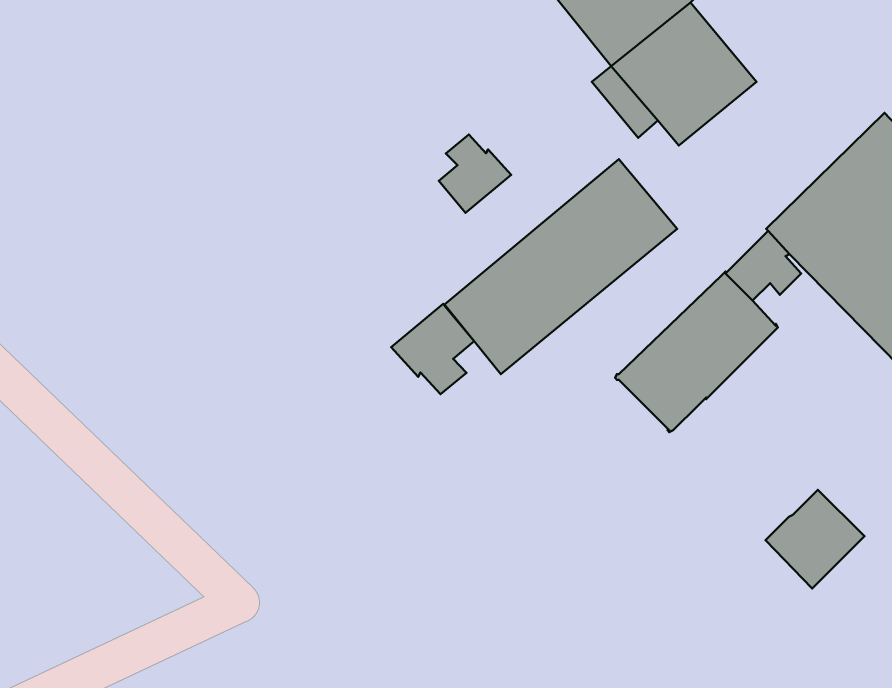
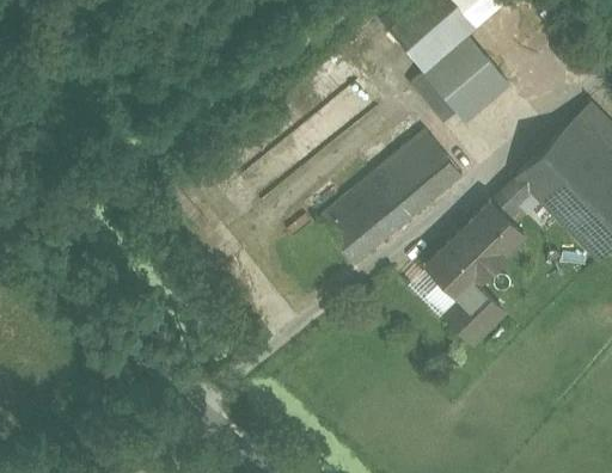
building: [439,135,511,213] -> none
building: [391,304,474,394] -> none
building: [766,490,864,588] -> [445,283,506,344]

